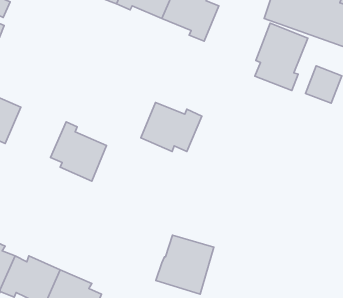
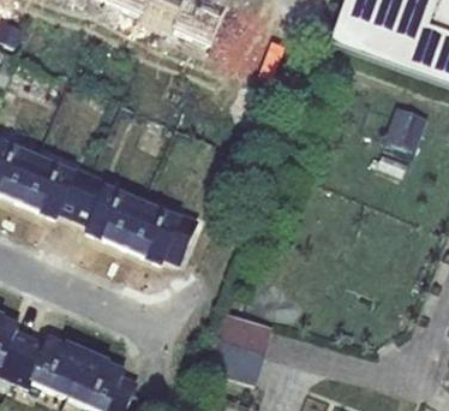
building: [255,23,308,90] -> none
building: [141,102,202,152] -> [125,202,199,262]
building: none -> [19,155,94,216]

